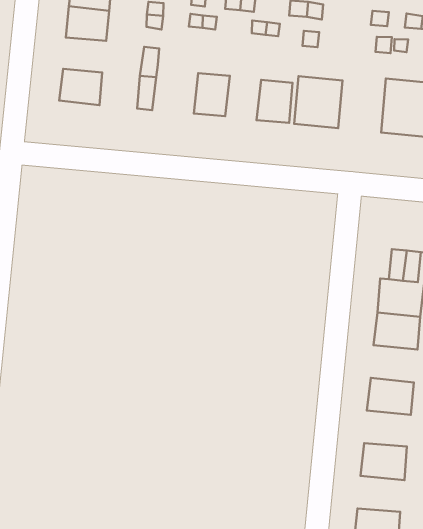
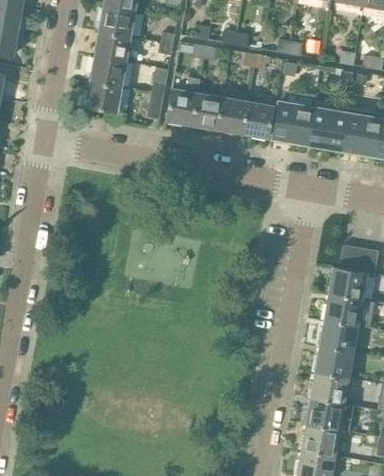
building: none -> [90,57,126,87]
building: none -> [166,78,200,125]
building: none -> [307,103,348,151]
building: none -> [217,97,248,134]
building: none -> [319,321,358,353]
building: none -> [310,373,349,404]
building: none -> [301,425,340,456]

